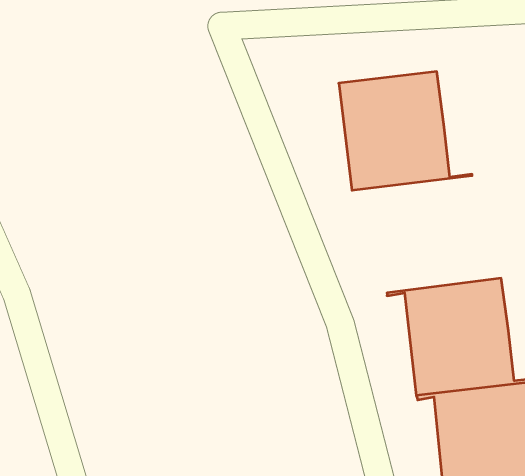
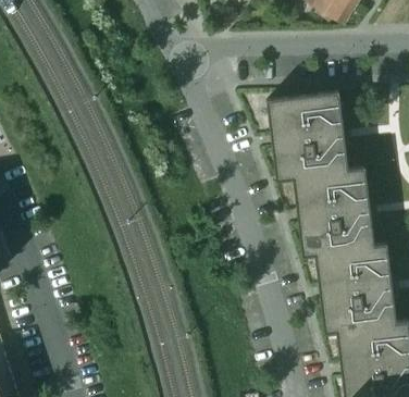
building: none -> [276,166,387,253]

